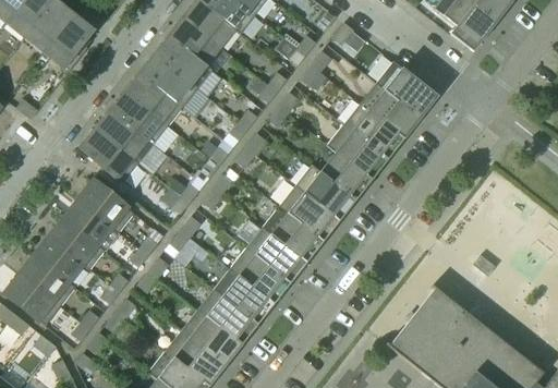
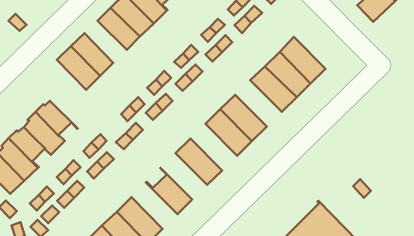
building: [375,61,437,118] -> none
building: [112,94,168,144] -> none
building: [311,144,372,199] -> none
building: [80,180,134,232] -> none
building: [262,206,323,262] -> none
building: [229,247,290,303] -> none
building: [197,289,257,344] -> none

